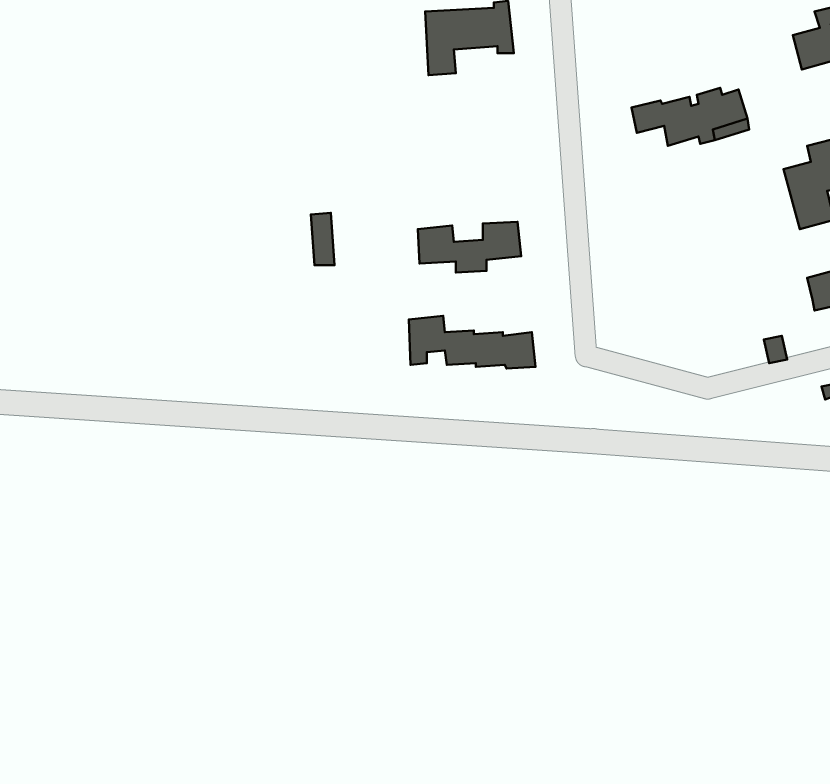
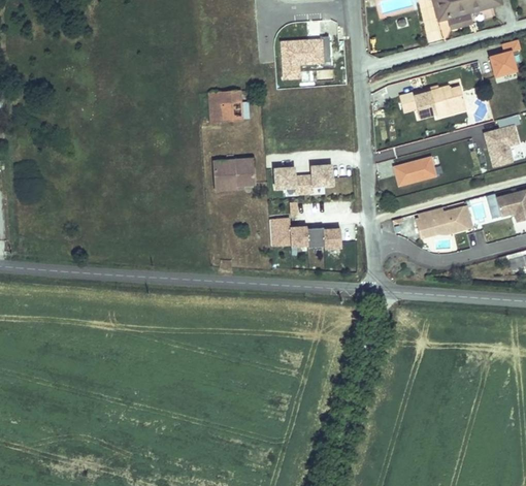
building: none -> [206,89,239,120]
building: none -> [226,156,256,188]
building: none -> [394,159,435,186]
building: none -> [416,206,473,238]

